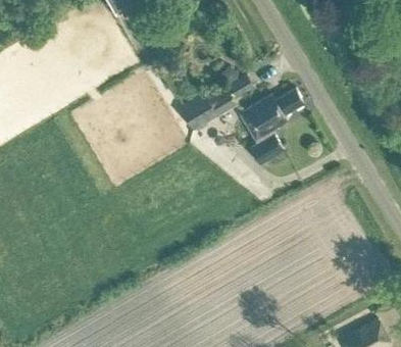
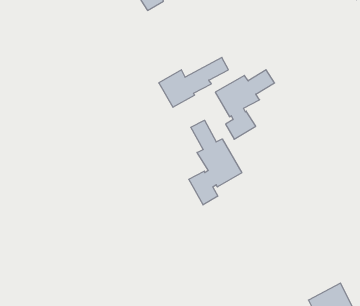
building: none -> [189,120,242,205]

